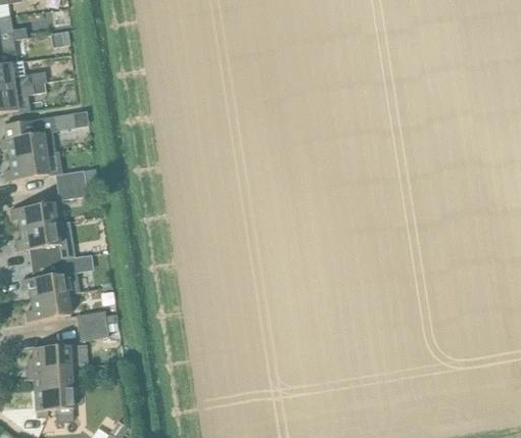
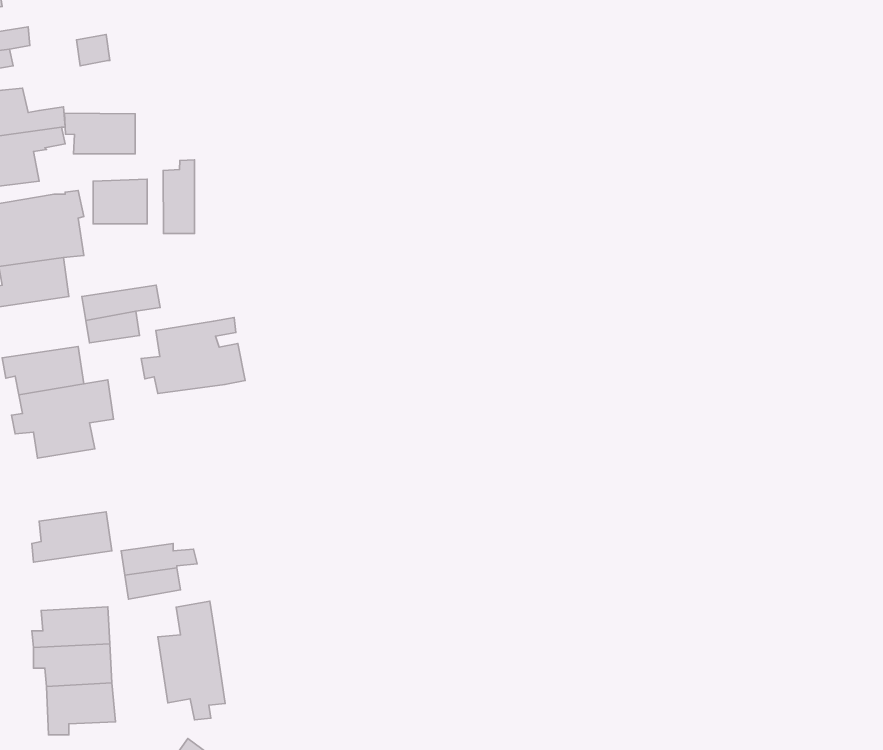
building: none -> [65,113,135,154]
building: none -> [163,160,195,234]
building: [22,256,80,298] -> [141,317,245,394]
building: none -> [158,601,225,720]

